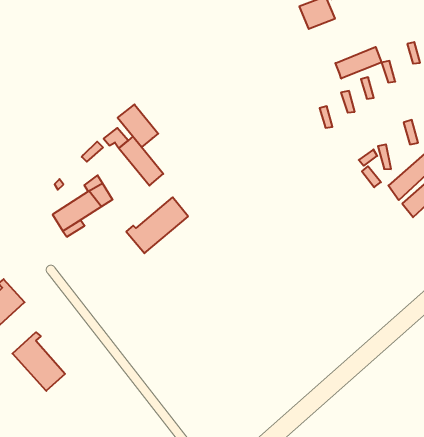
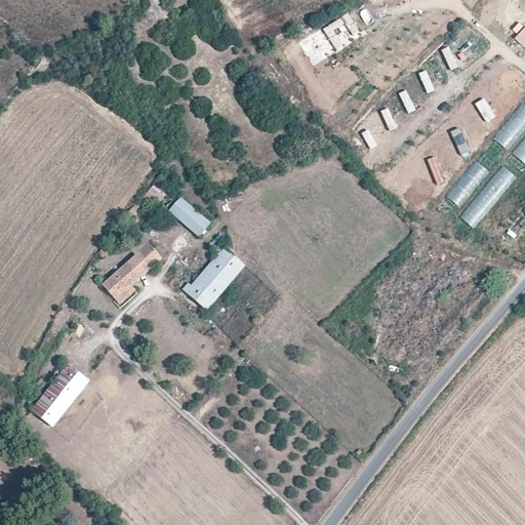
building: [335,47,381,79] -> none
building: [118,104,158,147] -> none
building: [12,332,65,391] -> none

